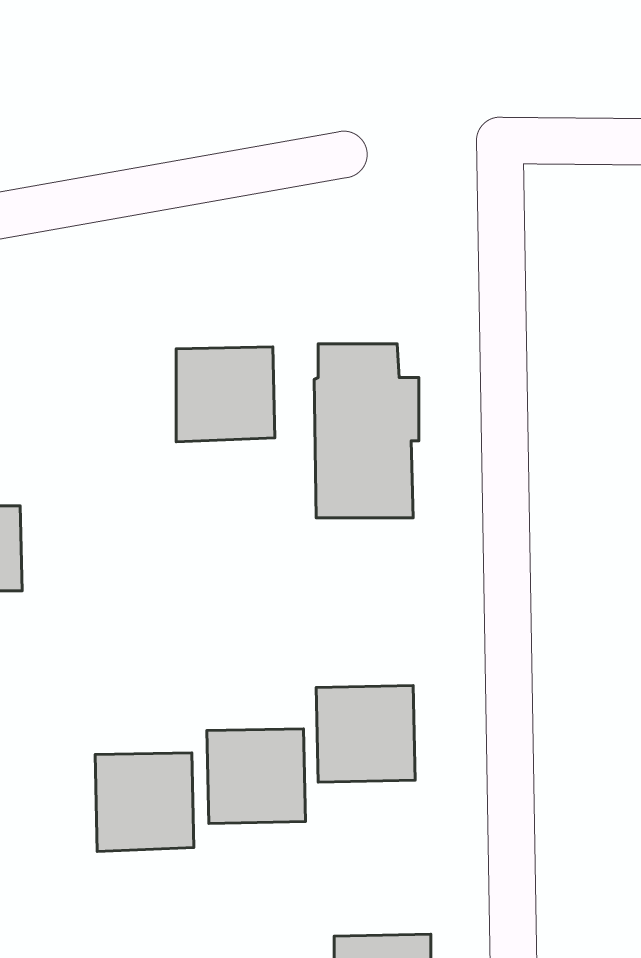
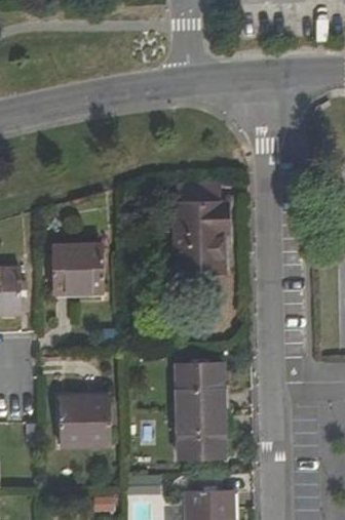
building: [176,347,275,442] -> [52,246,104,295]
building: [207,729,305,823] -> [175,411,226,461]

